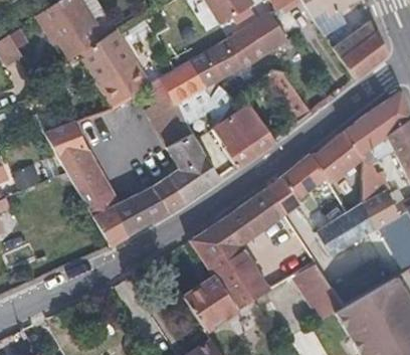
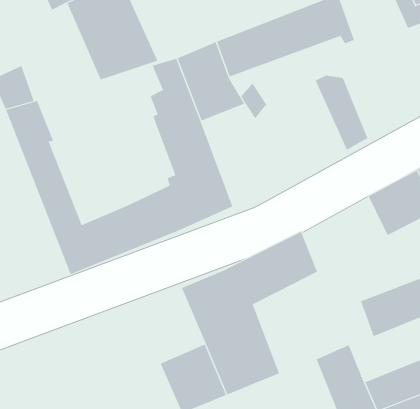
building: [216,103,272,165] -> none
building: [271,152,329,213] -> none

